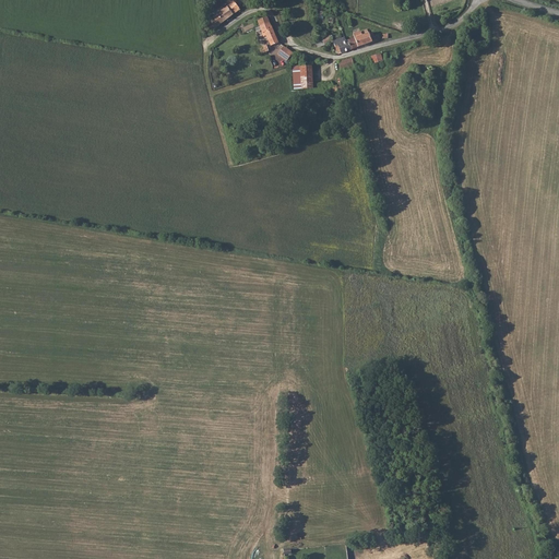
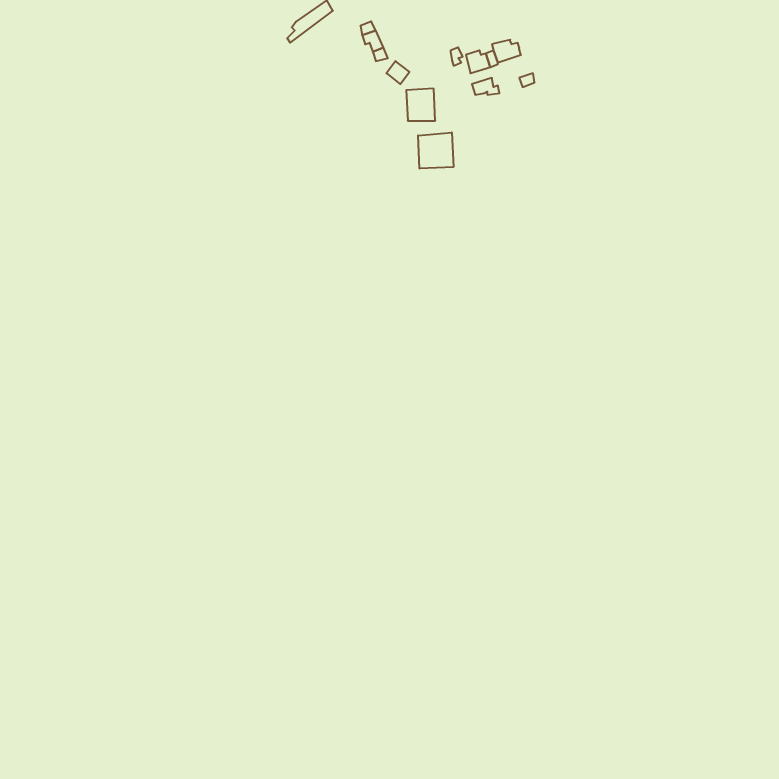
building: none -> [418,132,453,169]

